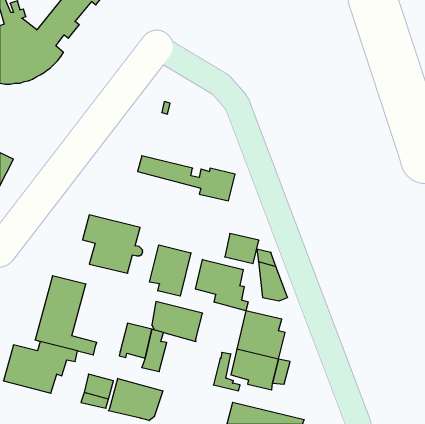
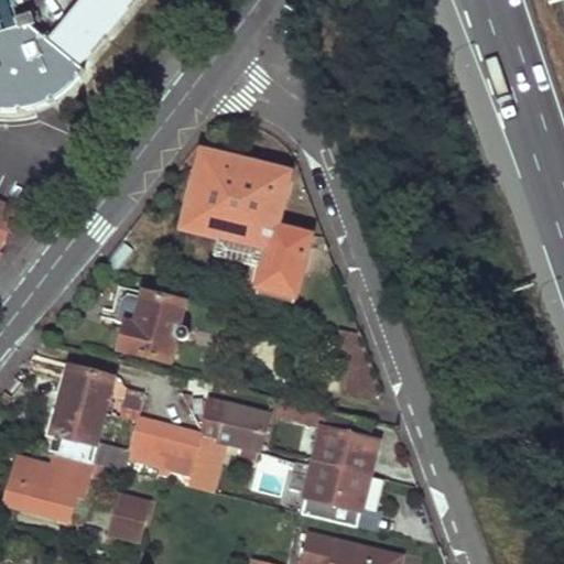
building: none -> [187,152,284,235]
building: [225,234,259,264] -> [257,257,302,296]
building: [150,245,191,296] -> none
building: [196,259,248,311] -> none
building: none -> [127,419,169,465]
building: [108,378,163,421] -> none

